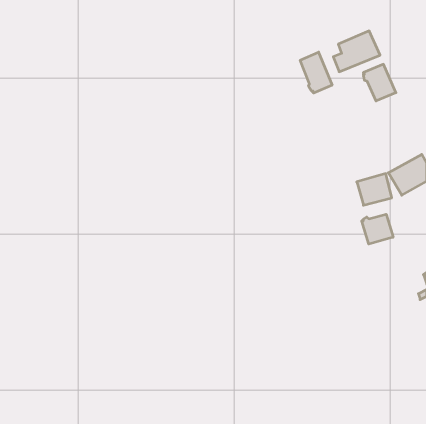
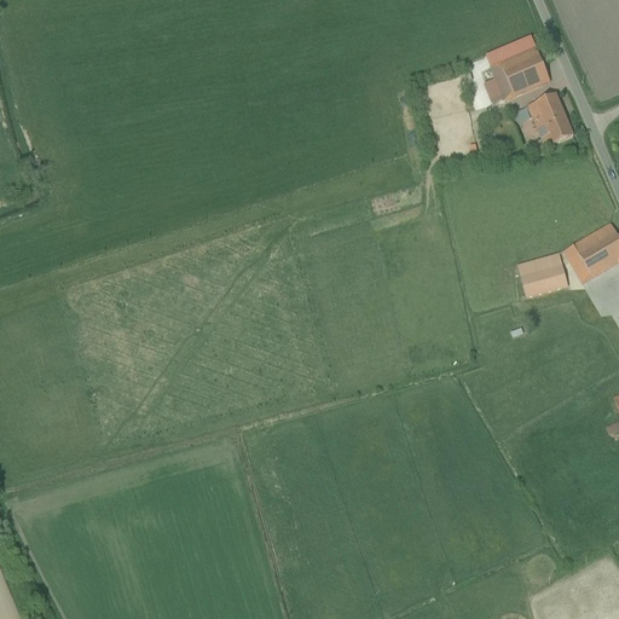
building: [300,52,332,93] -> none
building: [362,214,393,244] -> none

